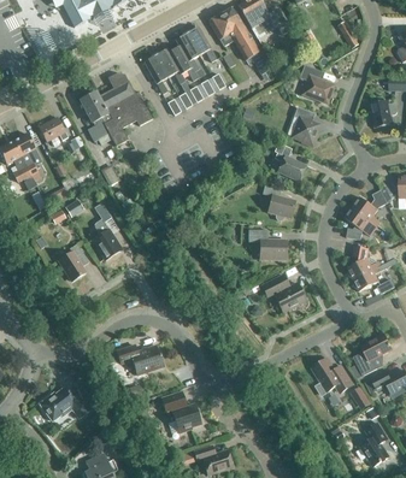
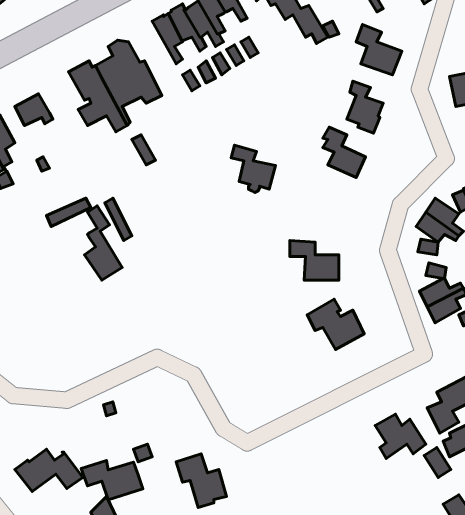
building: [261,184,295,220] -> [231,145,275,192]
building: [58,243,88,281] -> none
building: [116,344,163,374] -> [81,460,143,500]

